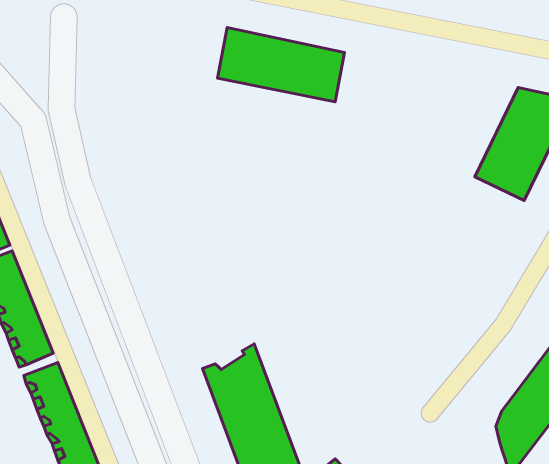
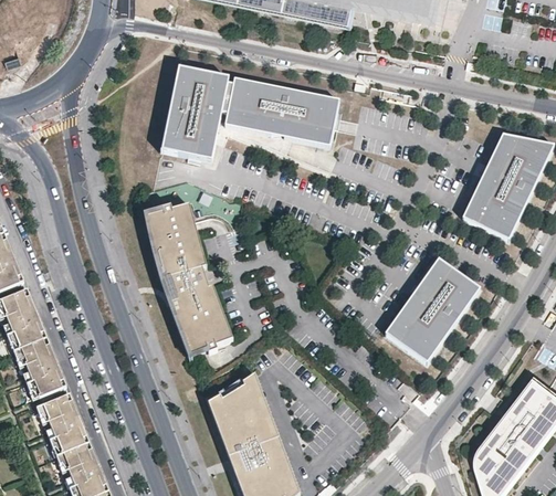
building: none -> [161,68,228,162]
building: none -> [147,204,232,355]
building: none -> [384,260,480,365]

